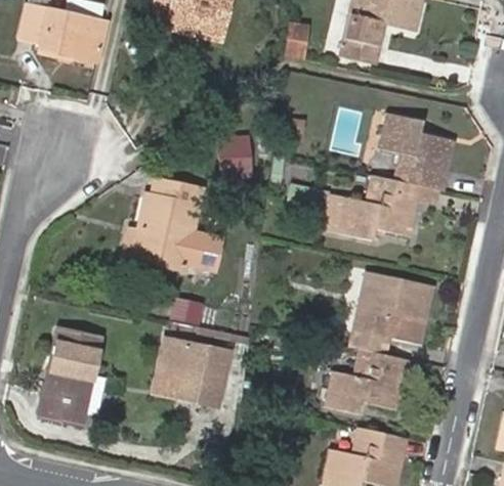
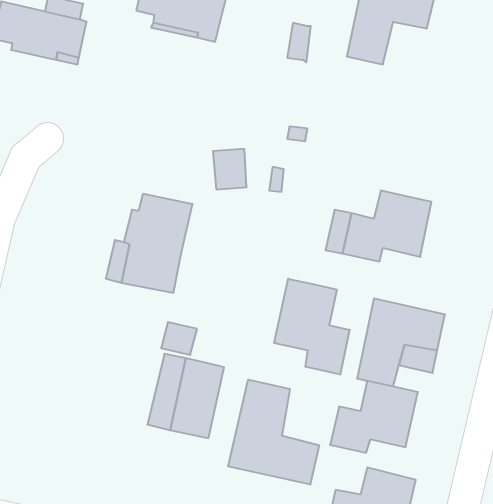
building: [381,114,454,191] -> none
building: [185,233,220,269] -> none
building: none -> [274,279,350,375]
building: [39,327,100,426] -> none
building: none -> [228,380,319,485]

